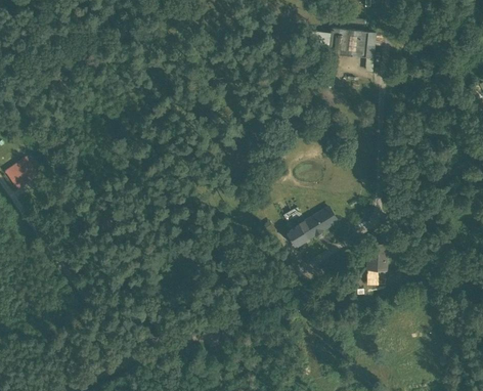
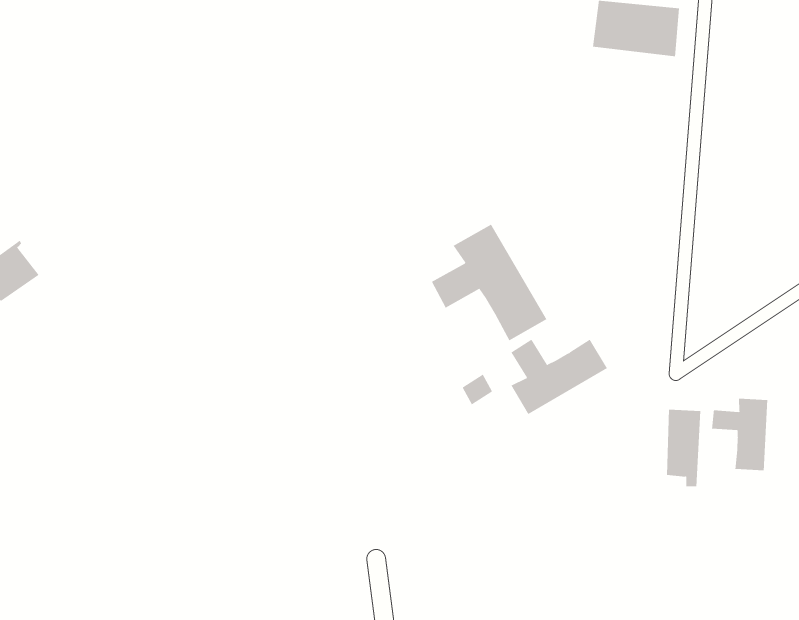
building: none -> [431,224,547,341]
building: none -> [712,398,768,471]

